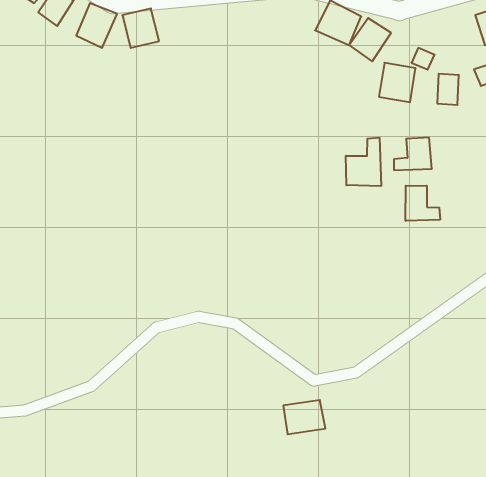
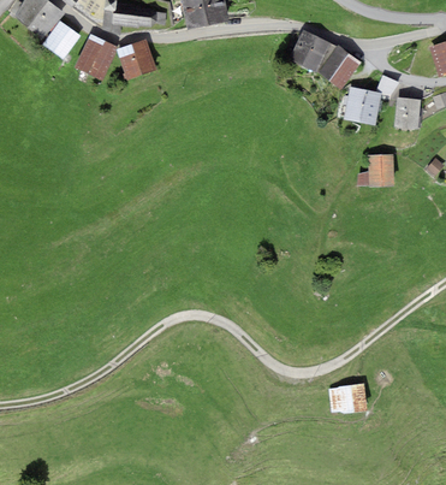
building: [346,138,381,186] -> none
building: [406,186,440,221] -> none
building: [283,400,325,434] -> [329,383,367,413]

